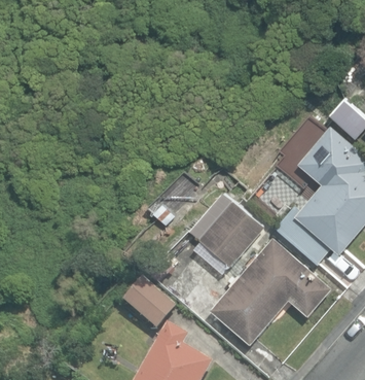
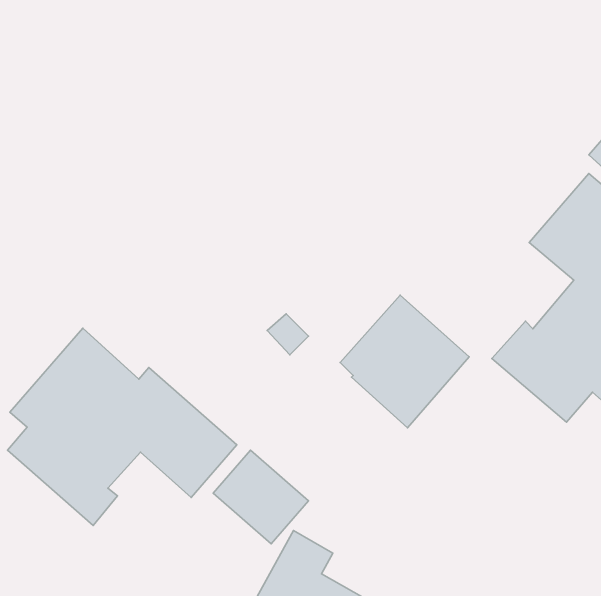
building: none -> [8,328,237,526]
building: [212,237,331,342] -> none

